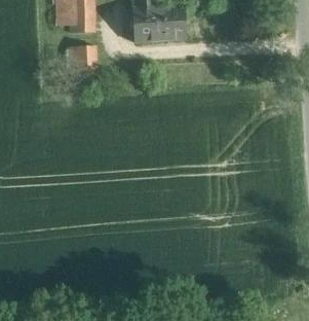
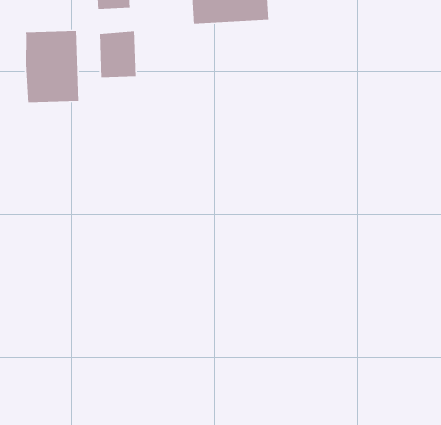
building: none -> [25,30,79,103]

